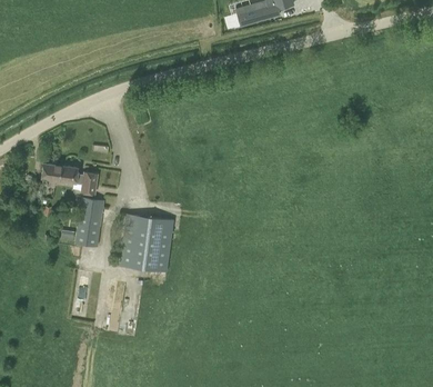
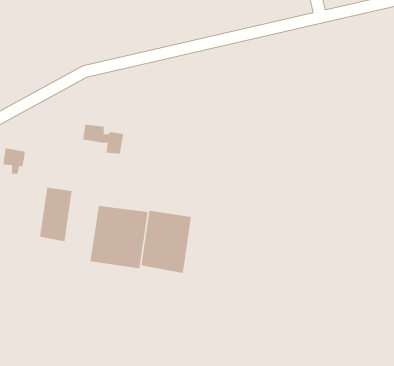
building: [60,165,98,192] -> [82,124,124,154]
building: none -> [141,210,192,274]

